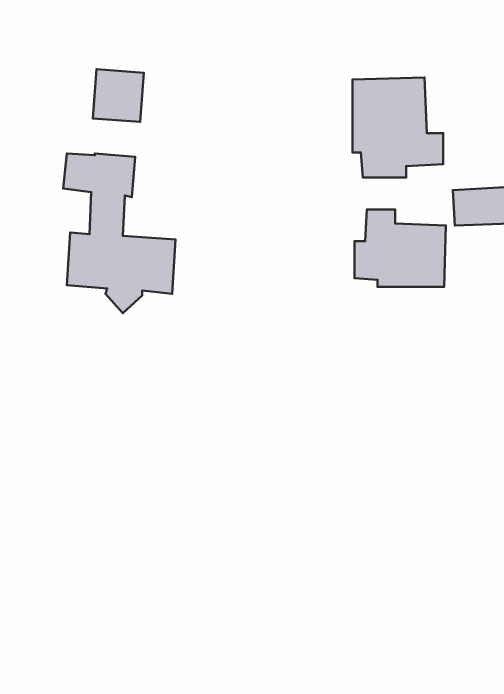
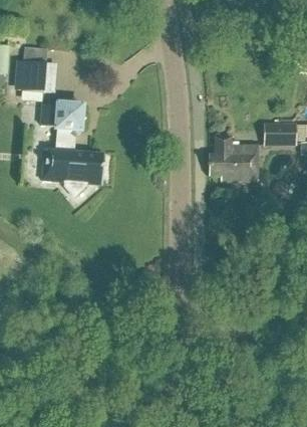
building: [93,69,144,122] -> [22,60,51,90]
building: [353,78,443,178] -> none

